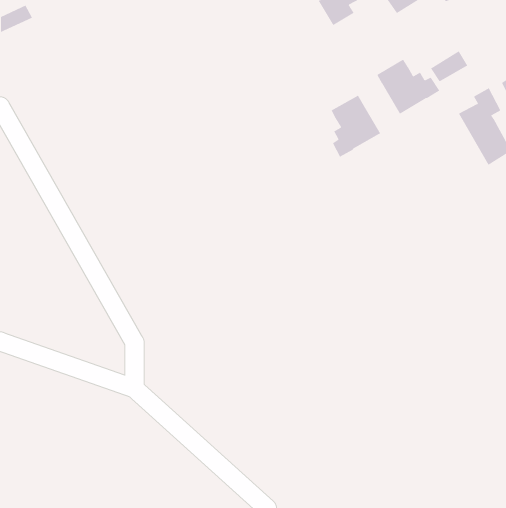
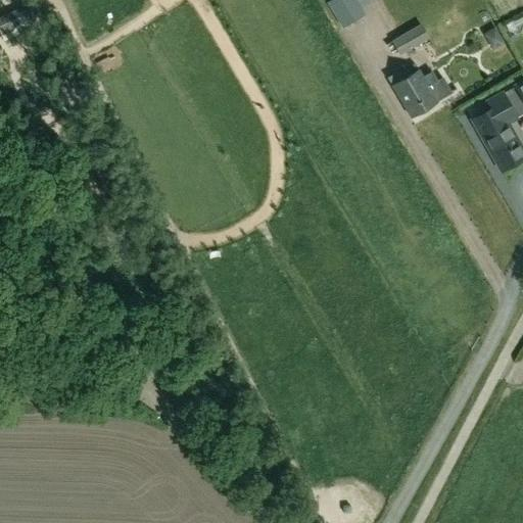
building: [430,50,468,82] -> [393,21,432,54]
building: [331,95,381,157] -> none

